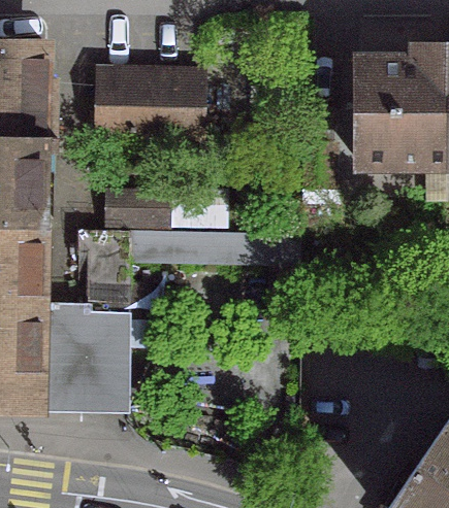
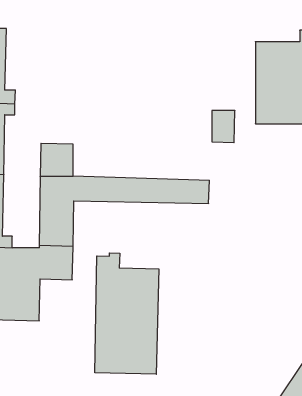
building: [95,69,203,138] -> none
building: none -> [95,253,159,374]

